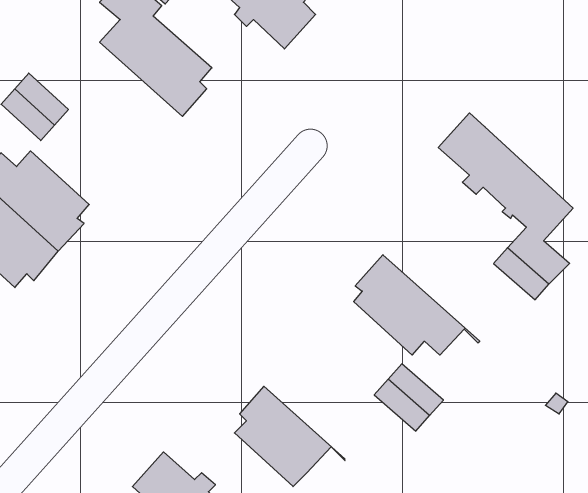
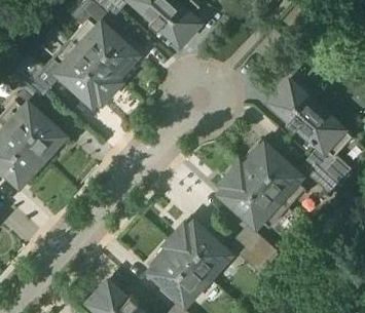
building: none -> [56,32,119,104]
building: none -> [239,145,301,217]
building: none -> [168,223,229,286]

